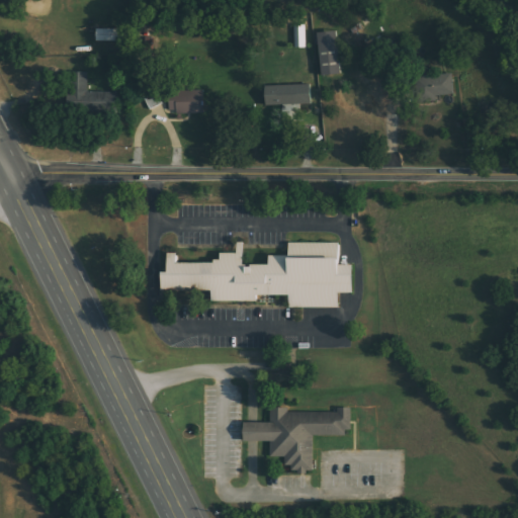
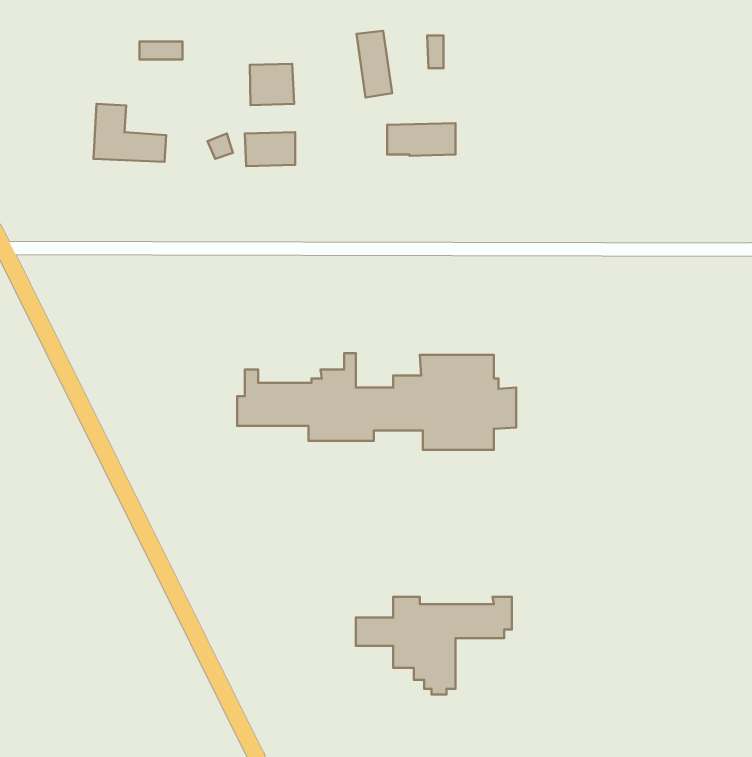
building: [316,30,340,76] -> [357,31,392,98]
building: none -> [250,64,294,105]
building: [415,74,451,101] -> none

